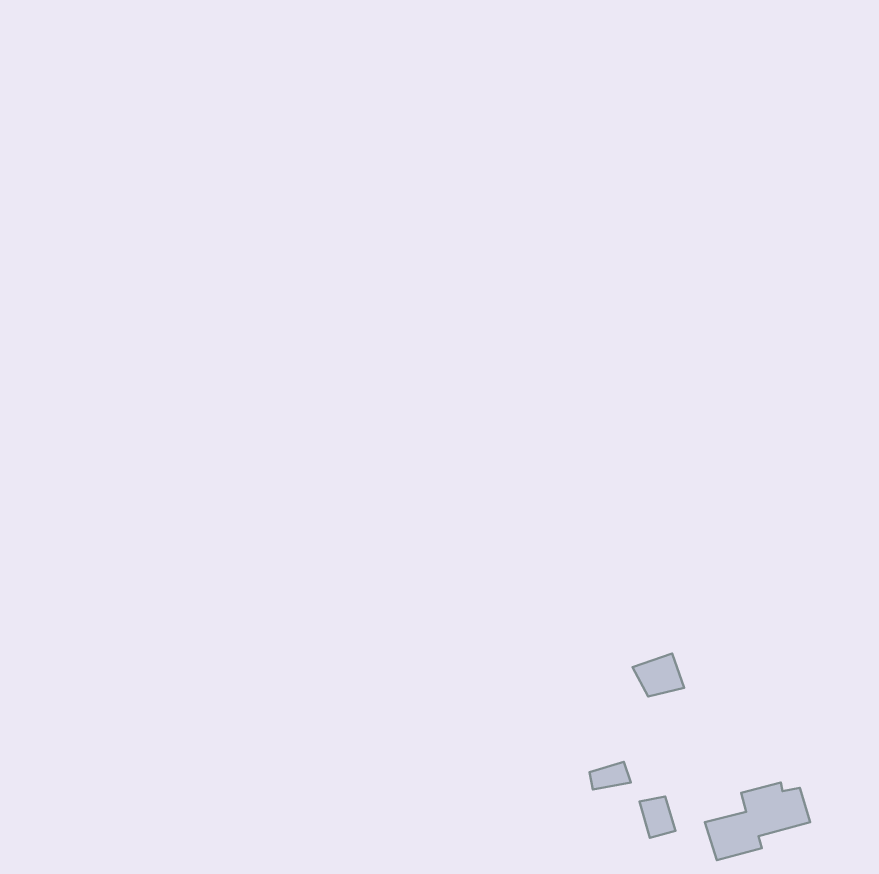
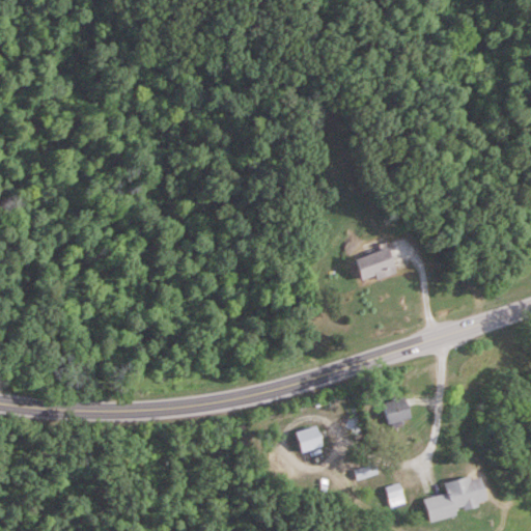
building: none -> [354,249,397,279]
building: none -> [295,426,326,456]

